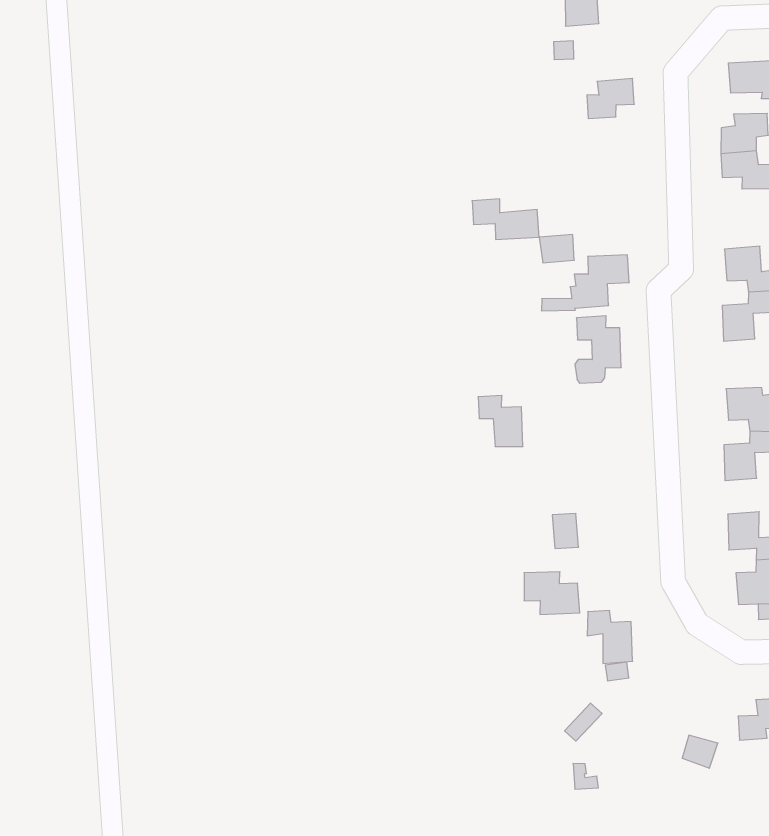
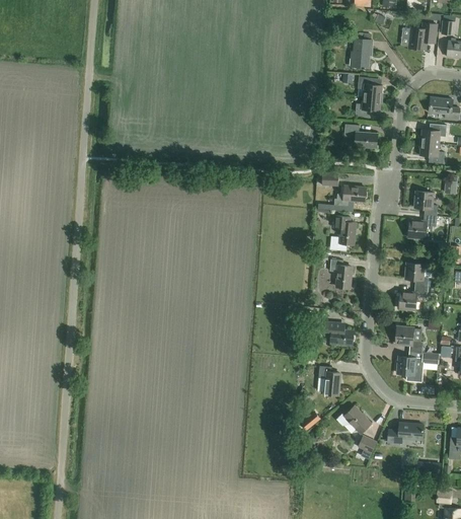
building: none -> [358,77,382,98]
building: [472,199,539,239] -> [344,125,378,148]
building: [478,395,523,446] -> [330,260,353,288]
building: [524,572,580,614] -> [324,321,353,346]
building: none -> [336,405,371,434]

